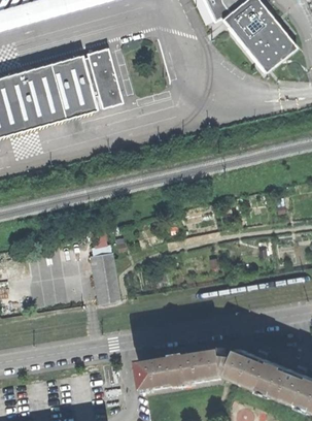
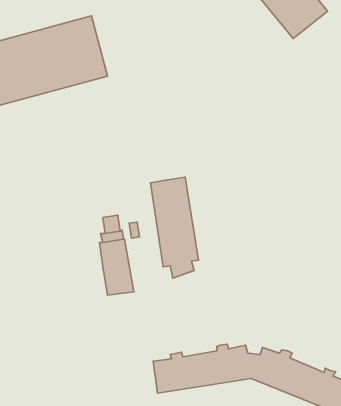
building: [85,50,122,109] -> none
building: none -> [150,177,198,278]

